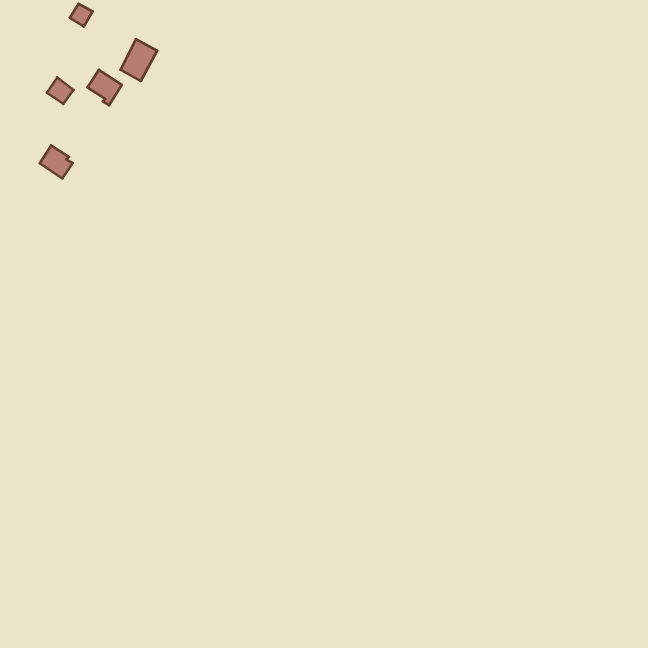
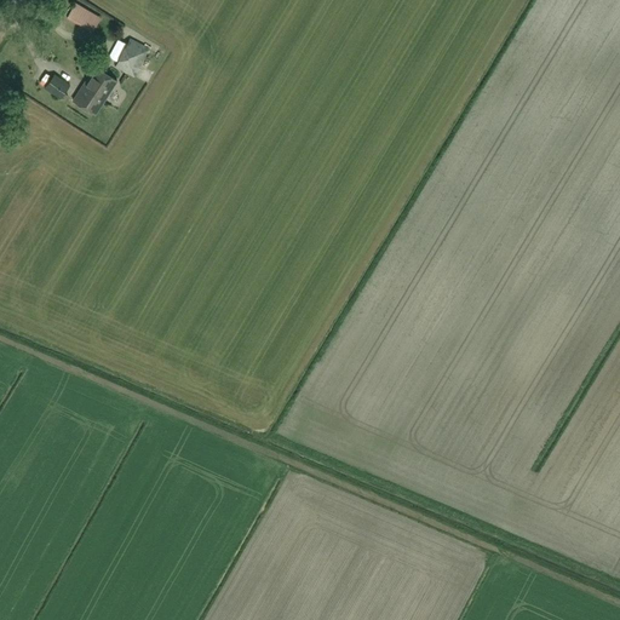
building: [40,145,73,178] -> [73,84,104,115]

